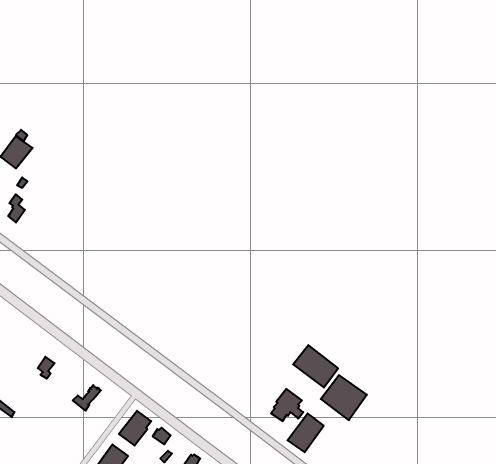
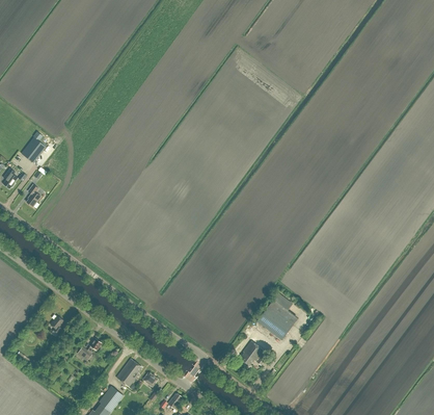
building: [321,375,367,420] -> none
building: [287,413,324,452] -> none

